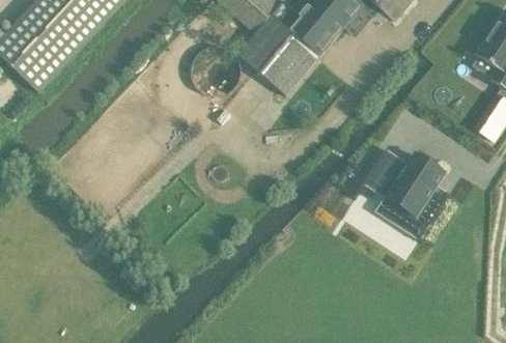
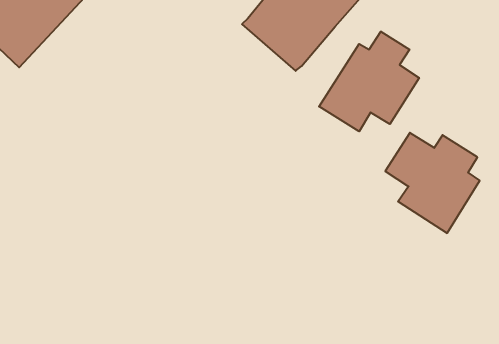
building: none -> [319,31,419,131]

